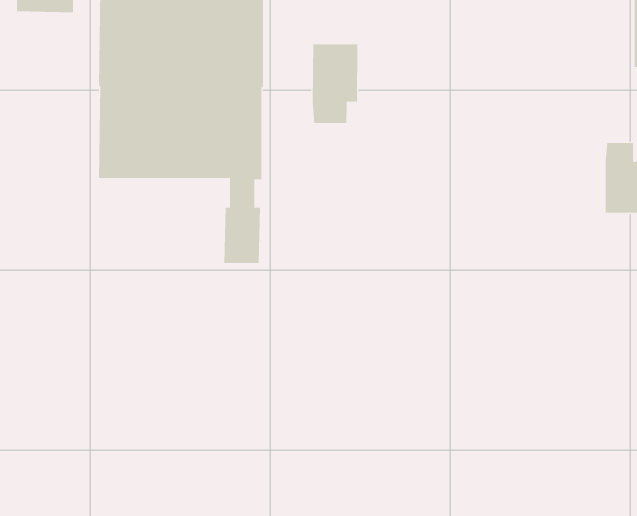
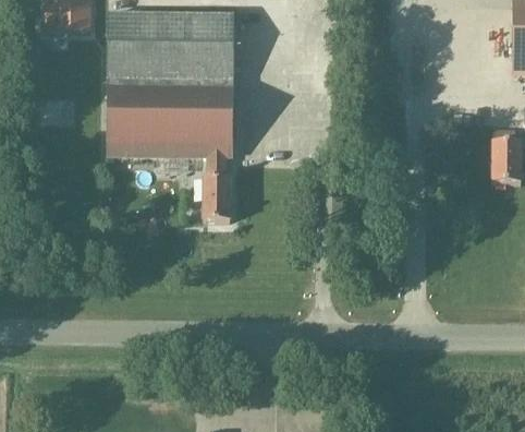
building: [312,43,358,124] -> none

